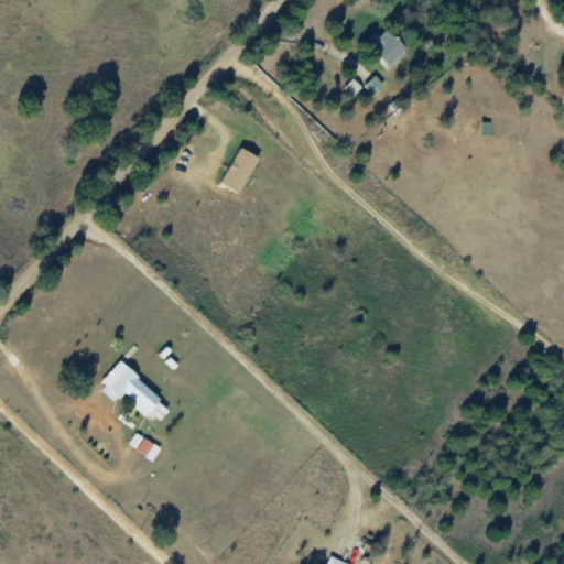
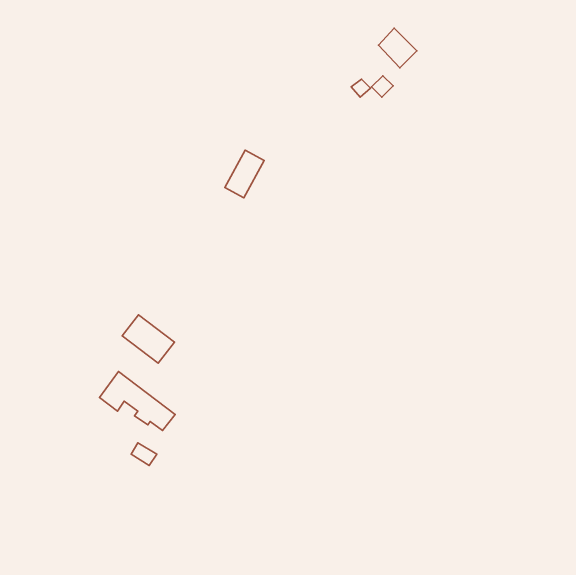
building: none -> [122,315,174,363]

